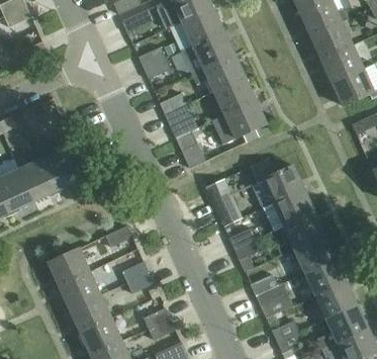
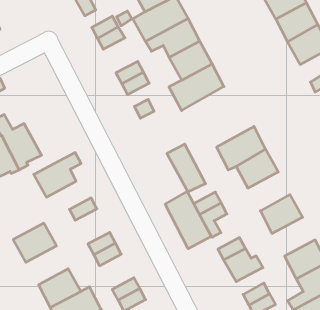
building: [283,211,324,249] -> none
building: none -> [165,191,211,249]
building: [304,258,347,295] -> none
building: [59,266,106,308] -> [34,153,81,197]

